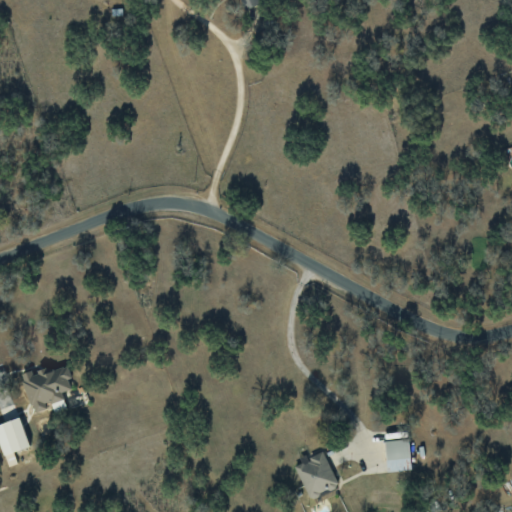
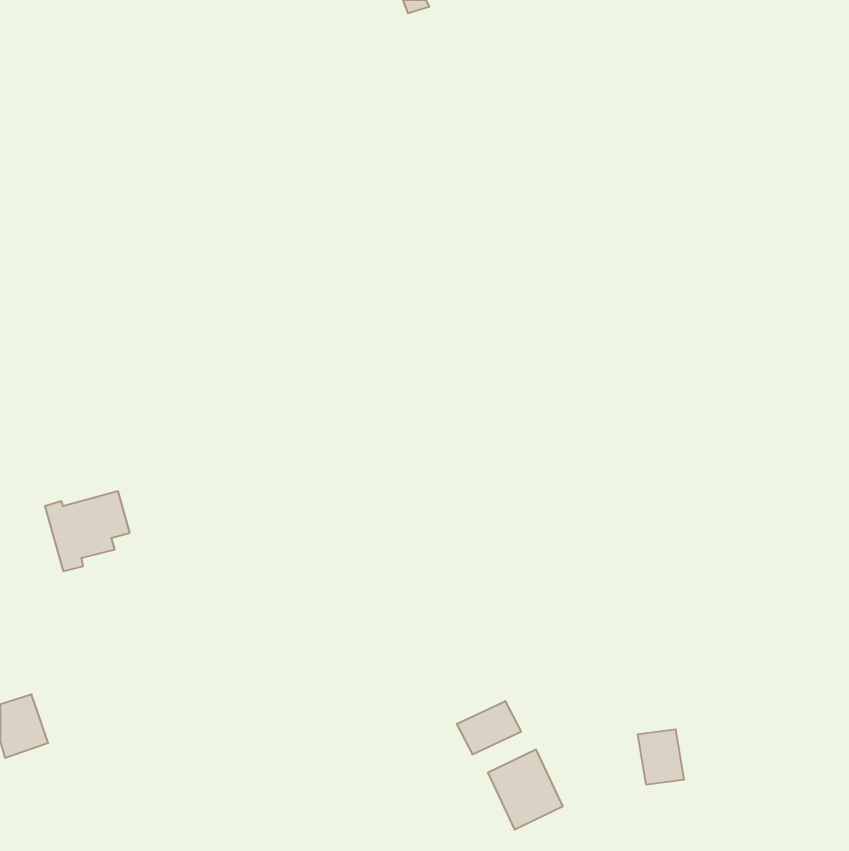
building: [22,364,73,412] -> [45,491,130,571]
building: none -> [457,701,521,754]

